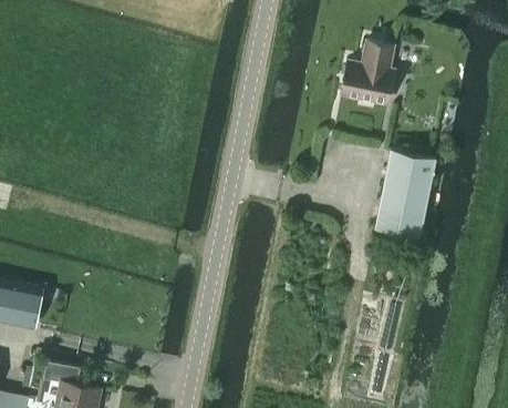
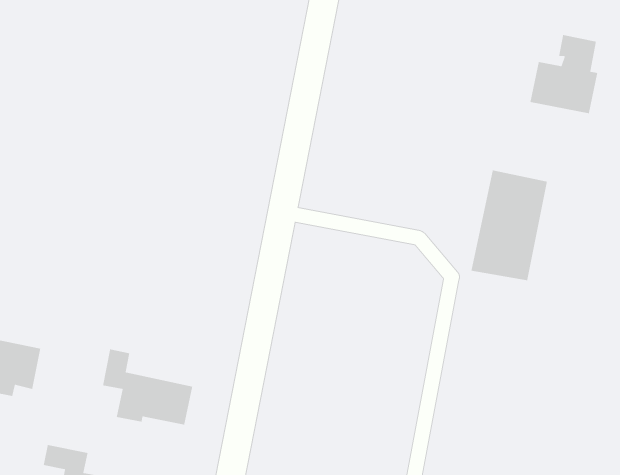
building: [341,41,394,103] -> [529,34,598,114]
building: none -> [102,349,193,426]

